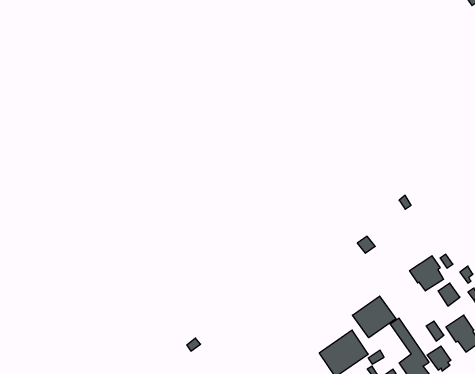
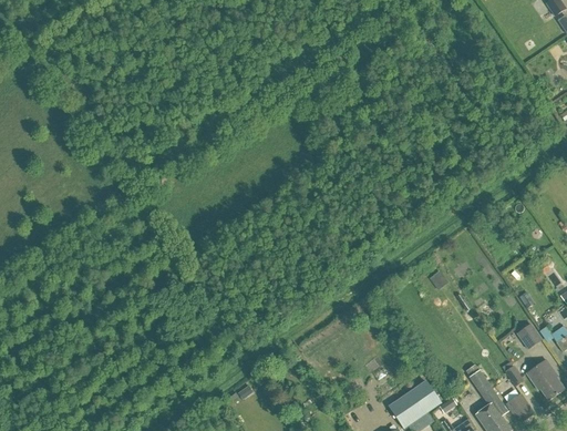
building: [410,256,444,291] -> none
building: [352,296,396,338] -> none

